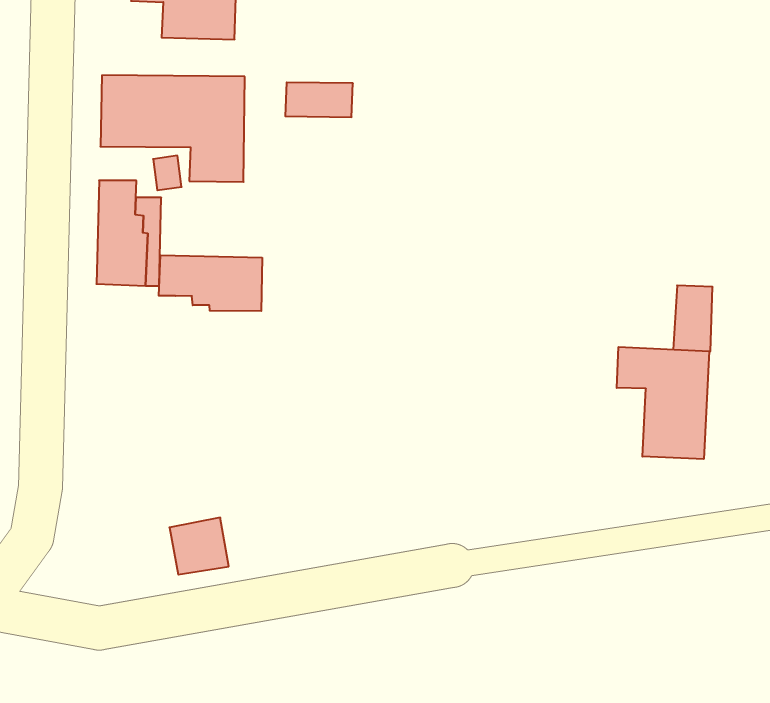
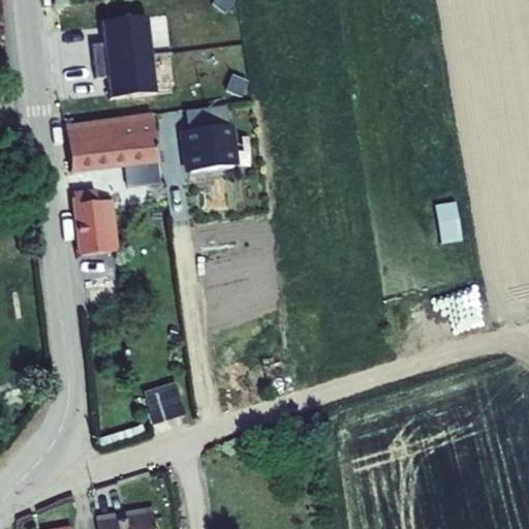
building: none -> [178,128,230,176]
building: [159,255,262,311] -> none
building: [617,347,709,459] -> none

